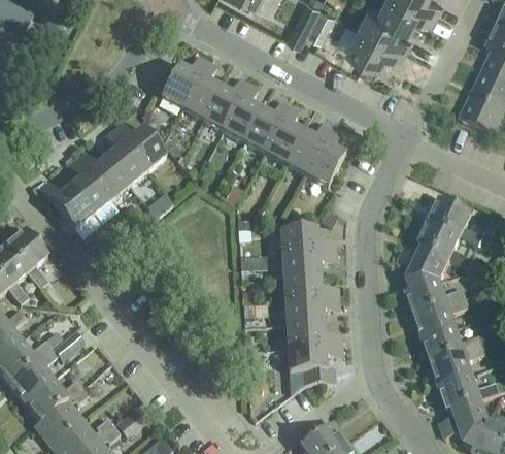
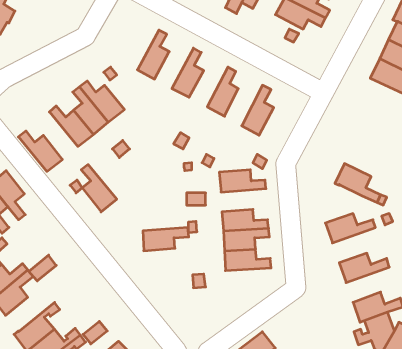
building: [160,56,207,108] -> none
building: [202,77,248,131] -> none
building: [243,100,290,153] -> none
building: [285,122,331,175] -> none
building: [68,159,110,216] -> [81,165,117,212]
building: [429,198,483,245] -> none
building: [398,246,449,290] -> none
building: [281,251,336,279] -> [143,227,189,251]
building: [414,297,470,339] -> none
building: [431,345,486,387] -> none
building: [287,346,342,385] -> none
building: [24,379,82,422] -> none

